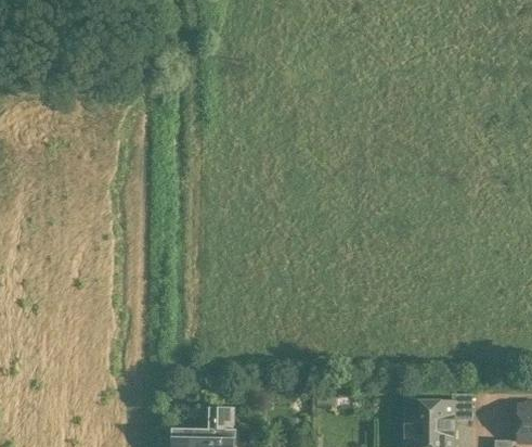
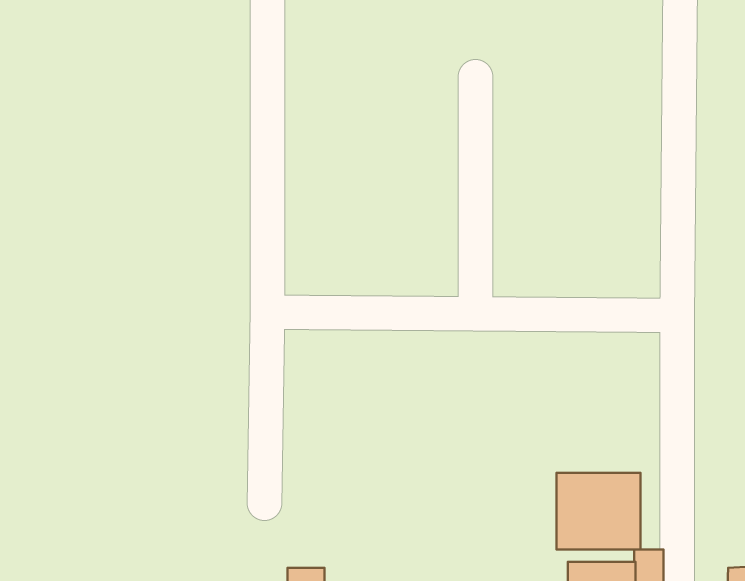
building: none -> [556,473,641,549]

